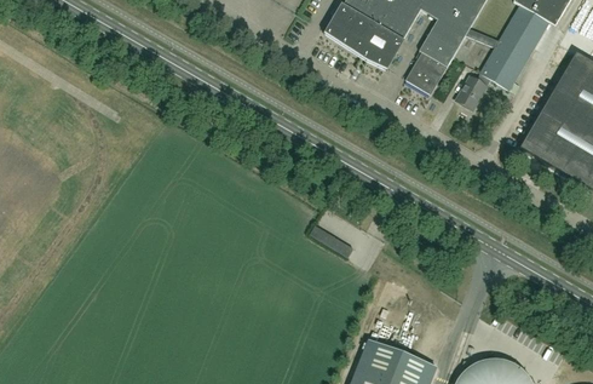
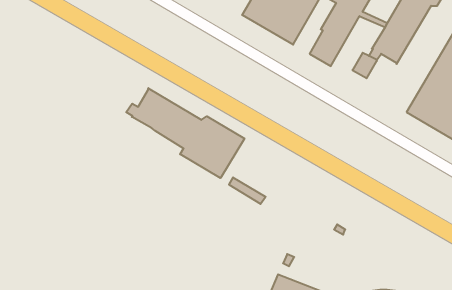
building: none -> [126,88,244,178]

